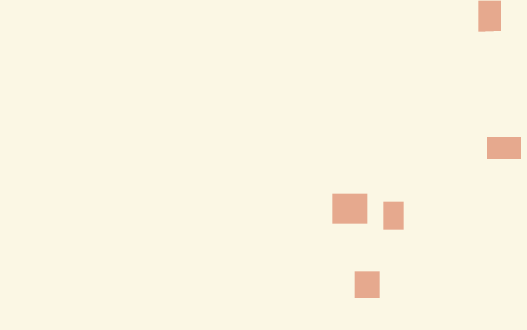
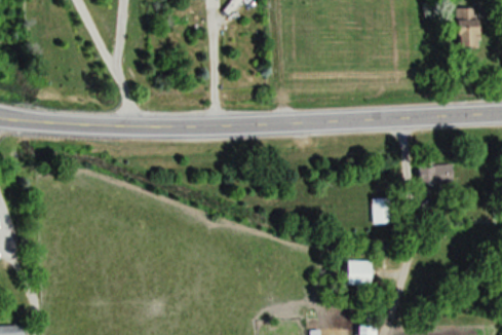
building: [486,136,522,160] -> [422,163,454,184]
building: [332,193,368,225] -> none

